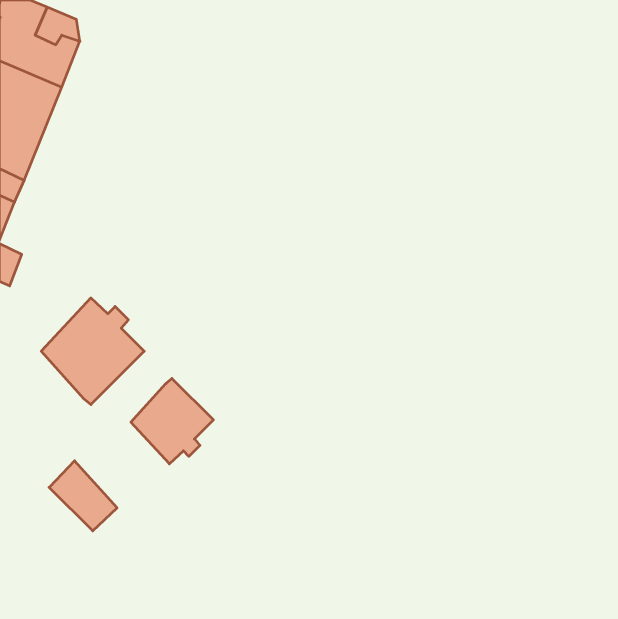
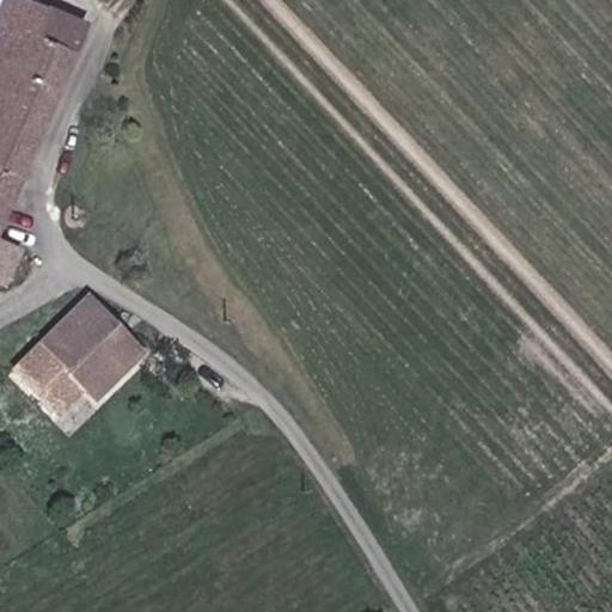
building: [131,378,213,464] -> none
building: [49,461,117,531] -> [16,347,82,416]

